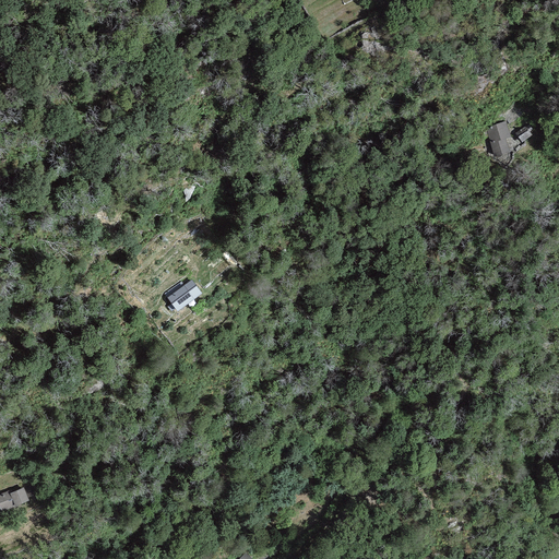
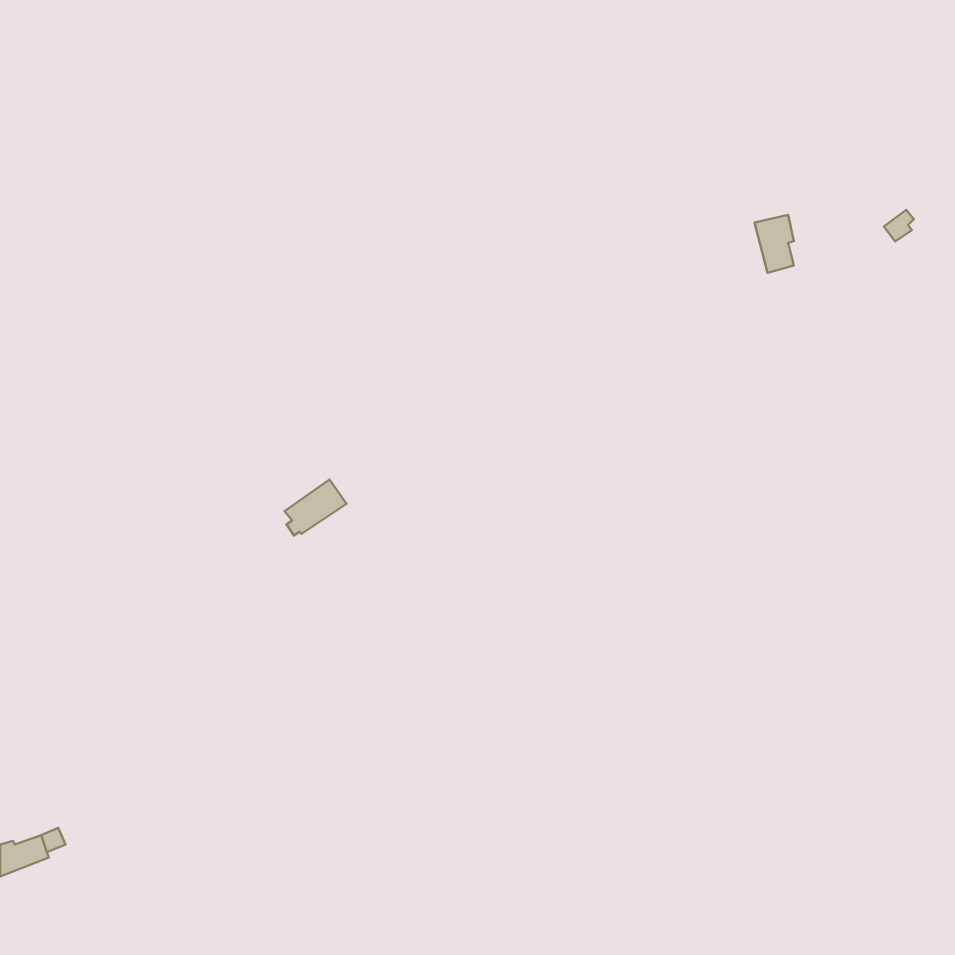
building: [487,122,510,156] -> [755,215,794,273]

